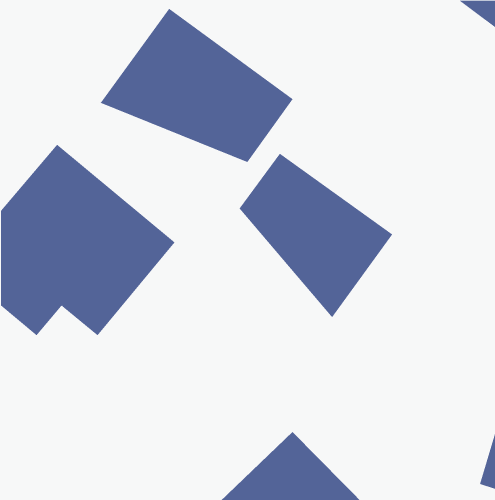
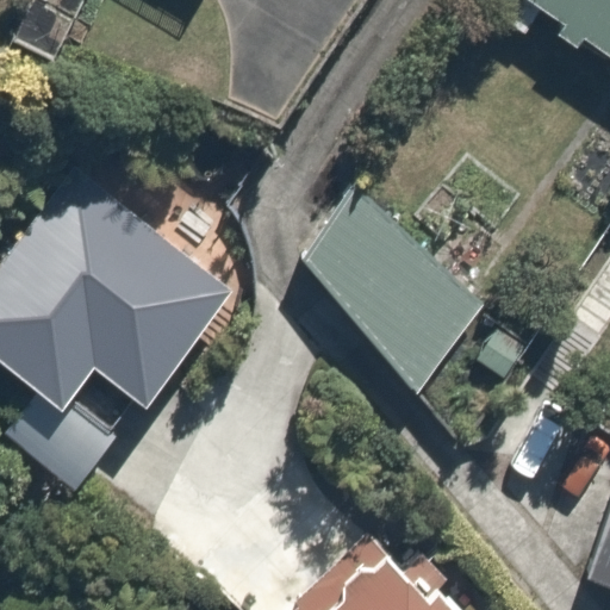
building: [100,8,294,163] -> none

